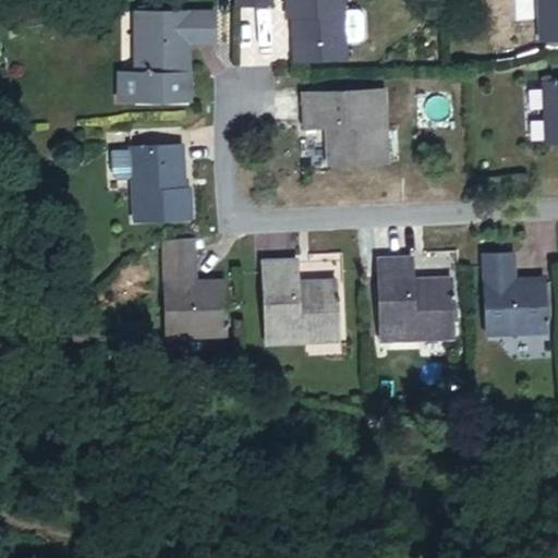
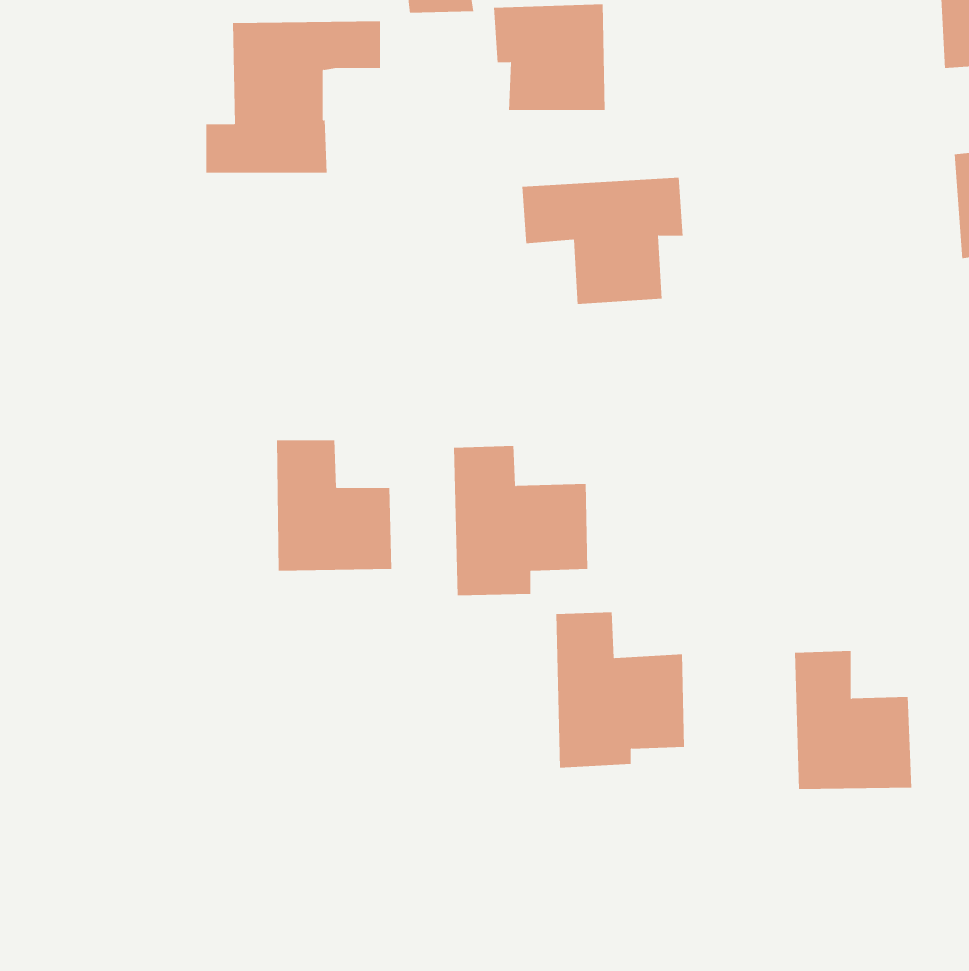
building: [130,144,195,219] -> none
building: [485,248,553,328] -> [794,651,912,790]
building: [378,253,452,342] -> [555,612,685,768]

